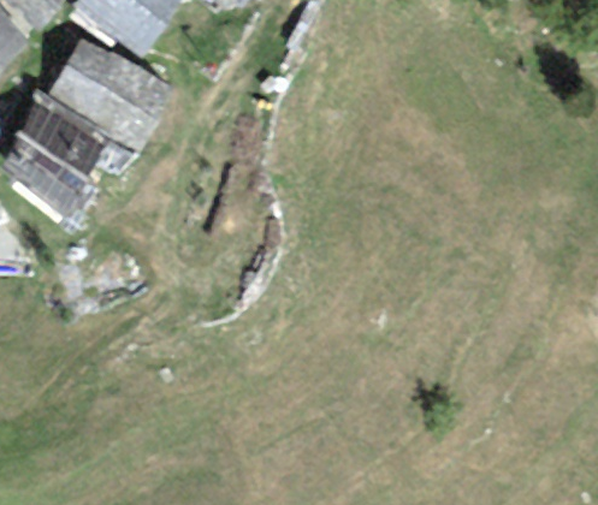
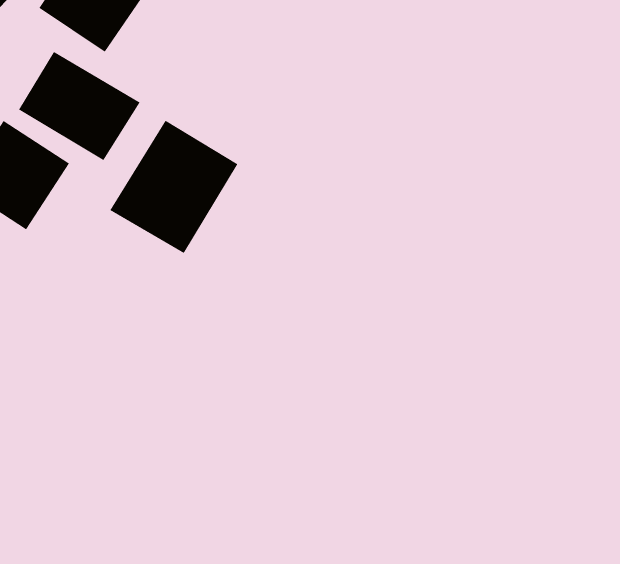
building: none -> [110,120,238,254]

